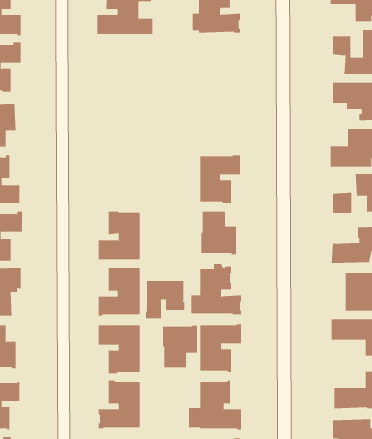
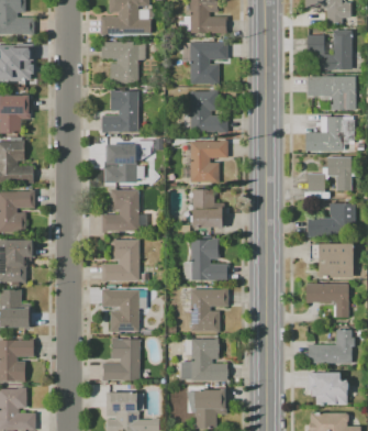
building: none -> [100,41,144,82]
building: none -> [189,41,226,84]
building: none -> [101,89,137,133]
building: none -> [189,89,226,132]
building: none -> [103,140,152,183]
building: [145,280,185,319] -> none
building: [163,325,197,368] -> none

